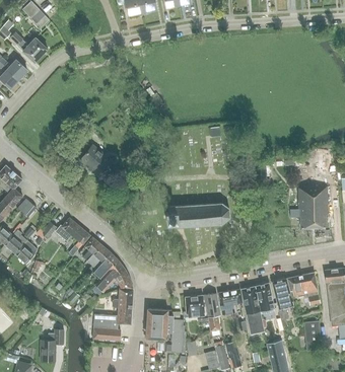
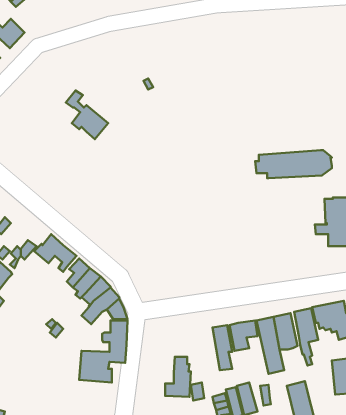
building: [75,133,111,173] -> [66,90,108,139]
building: [165,203,229,226] -> [255,150,332,178]
building: [183,295,204,317] -> none
building: [145,308,172,340] -> none
building: [40,329,63,361] -> none

